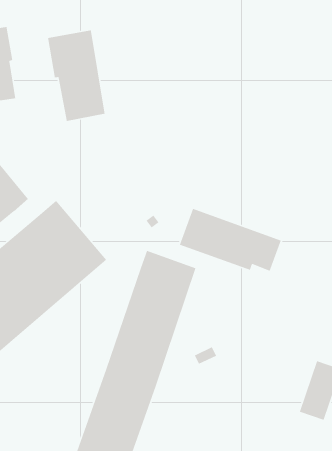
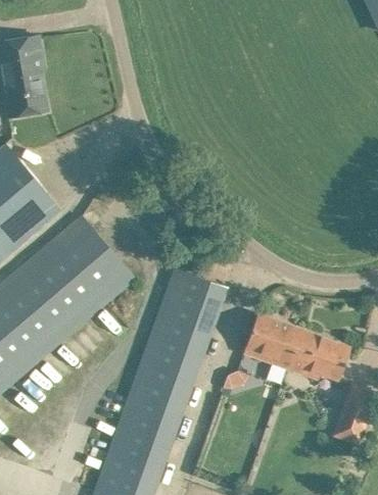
building: [47,30,106,122] -> none
building: [179,208,282,272] -> [243,313,350,380]

